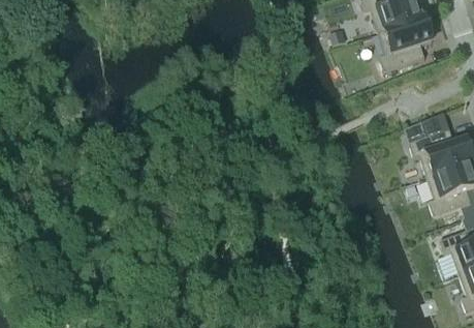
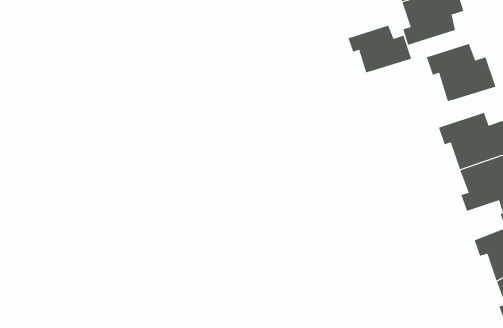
building: none -> [348,25,412,73]
building: none -> [426,43,496,102]

